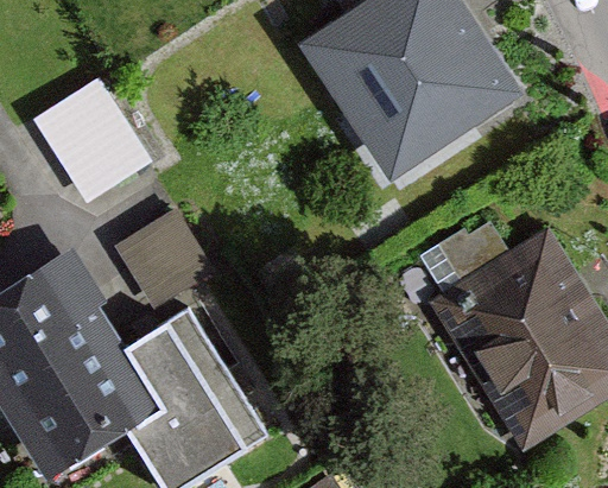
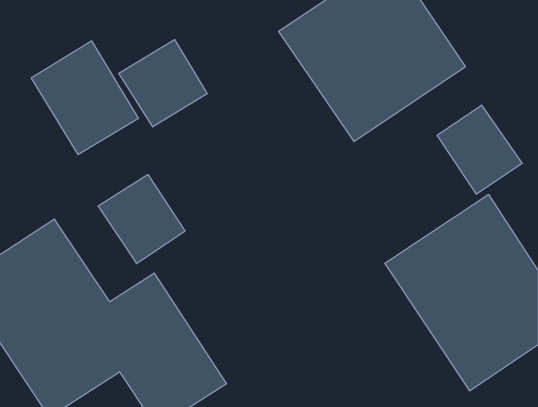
building: none -> [119,40,207,127]
building: none -> [437,105,522,194]

